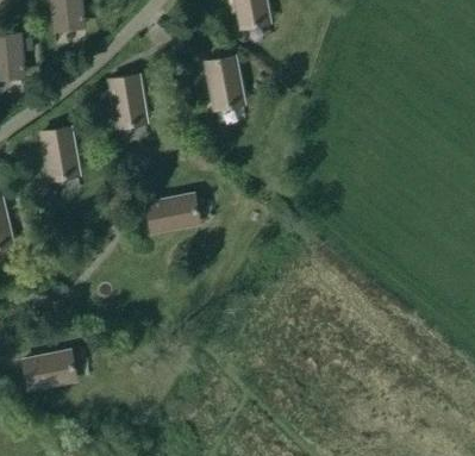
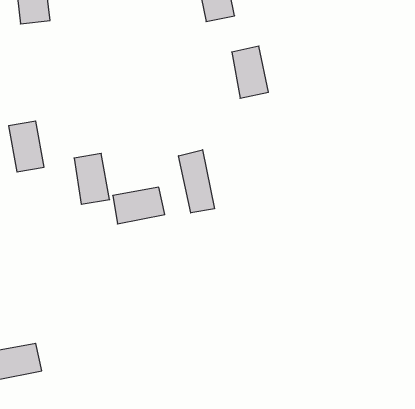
building: [206,57,243,110] -> [232,46,268,98]
building: [110,76,145,127] -> [74,153,110,204]
building: none -> [179,150,214,213]

